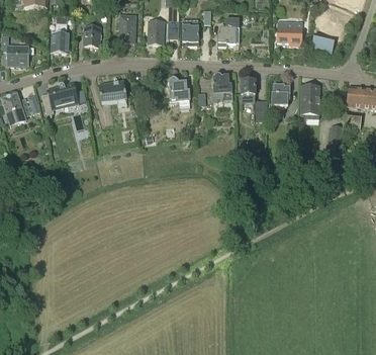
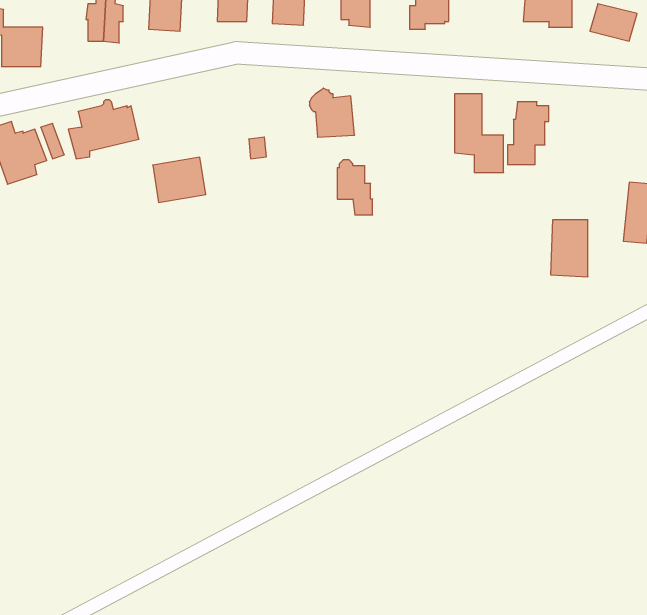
building: [213,72,231,100] -> [337,160,373,215]
building: [98,79,125,102] -> [153,157,206,202]
building: [299,84,318,113] -> [551,220,588,277]

